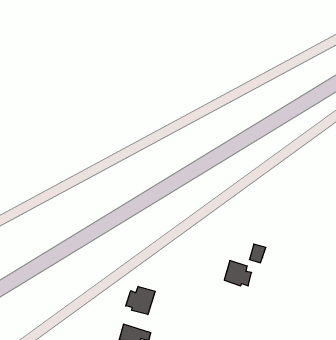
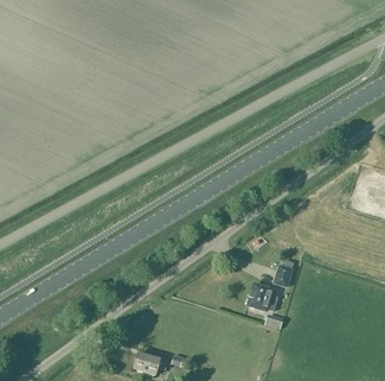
building: [126,286,155,315] -> none

